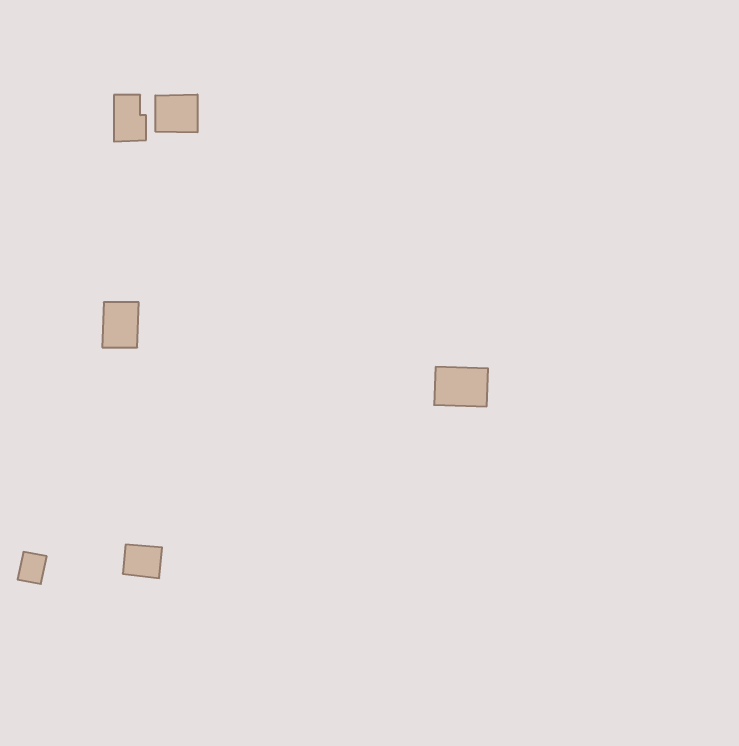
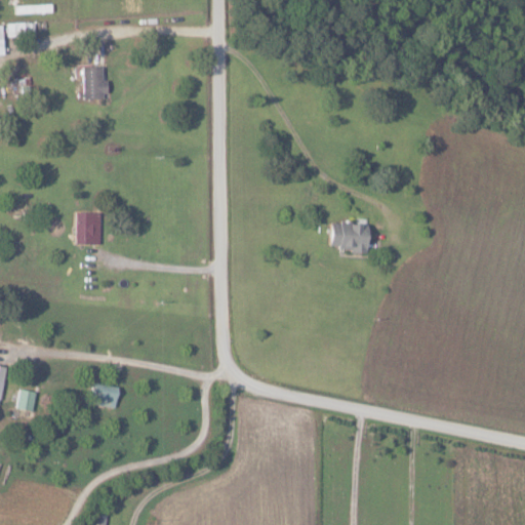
building: [155,94,197,132] -> none
building: [434,367,488,406] -> [331,224,369,251]

